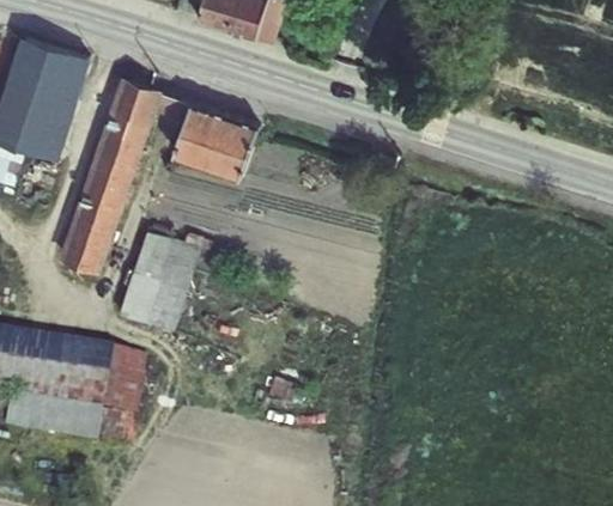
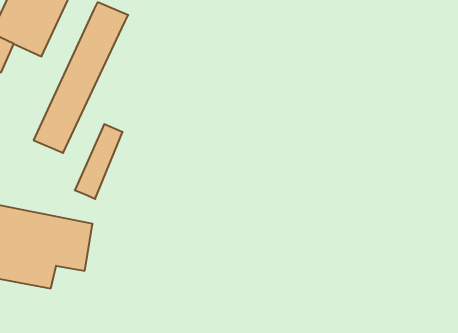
building: [175,105,259,178] -> none
building: [144,238,196,333] -> none

